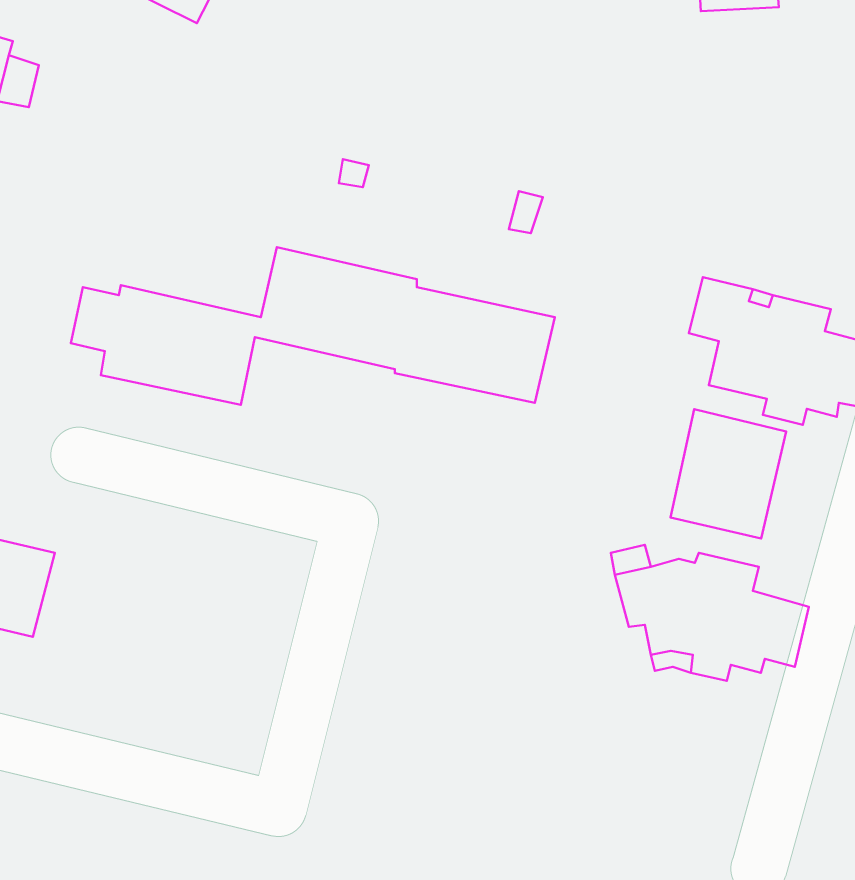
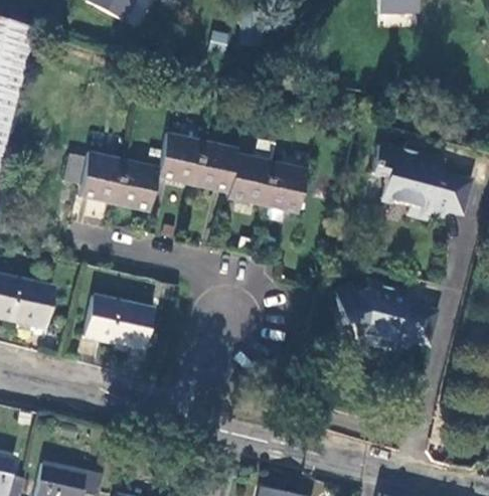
building: [671,409,786,539] -> none
building: none -> [83,295,152,350]

